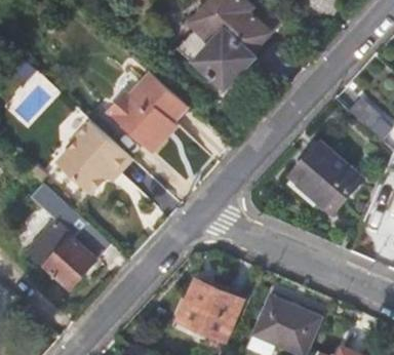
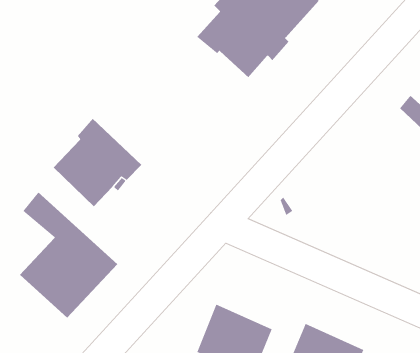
building: [105,71,188,155] -> none
building: [290,143,361,211] -> none

